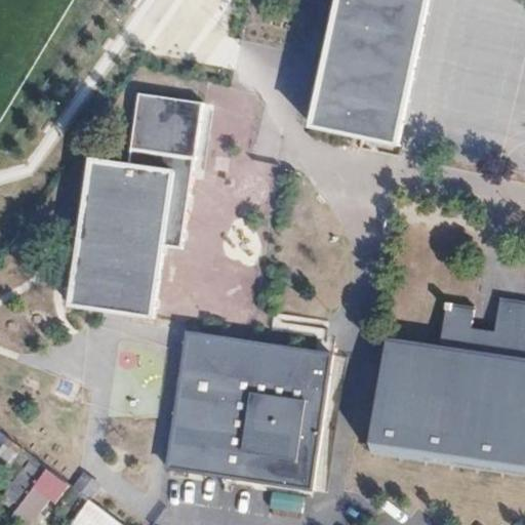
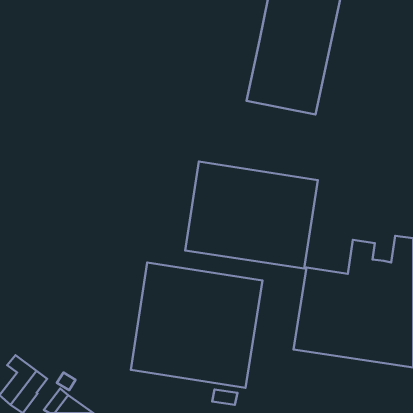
building: [68,90,202,317] -> none
building: none -> [185,161,318,268]

